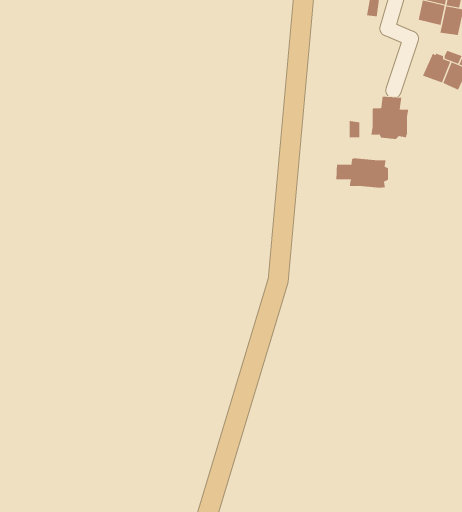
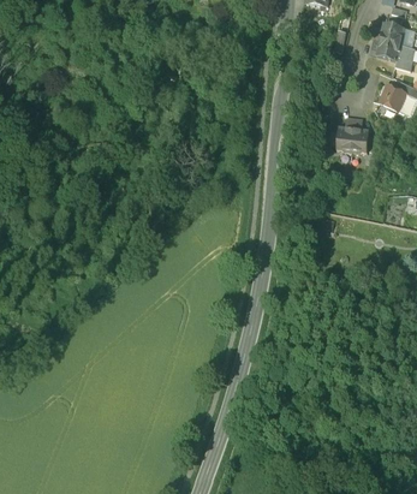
building: [336,158,389,189] -> none

